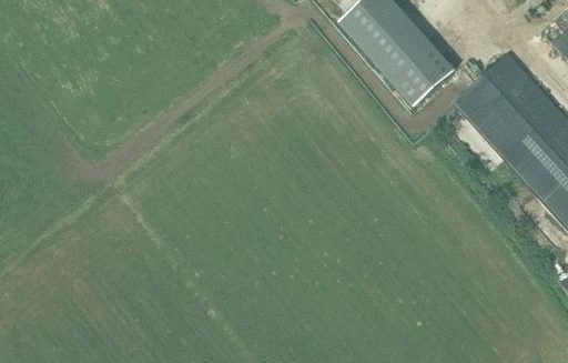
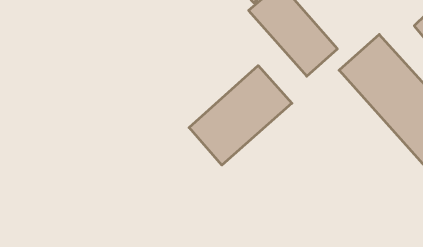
building: none -> [189,66,292,165]

